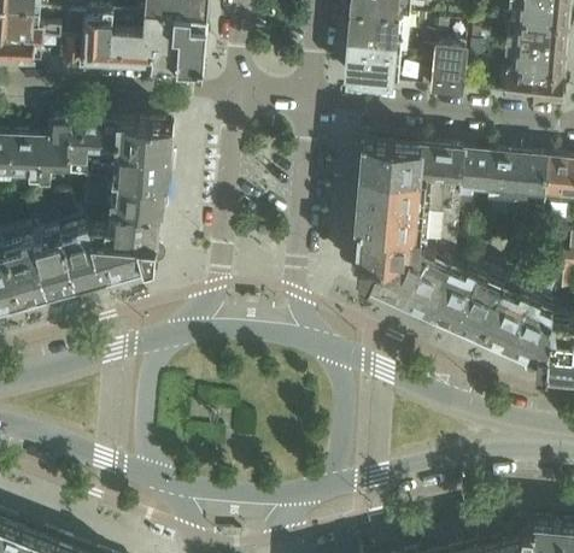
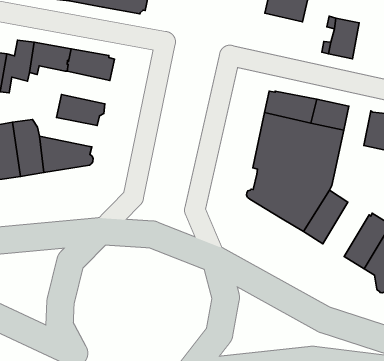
building: [345,51,394,87] -> none
building: [112,151,169,184] -> none
building: [459,151,491,196] -> none
building: [88,208,160,239] -> none
building: [452,267,504,334] -> none

